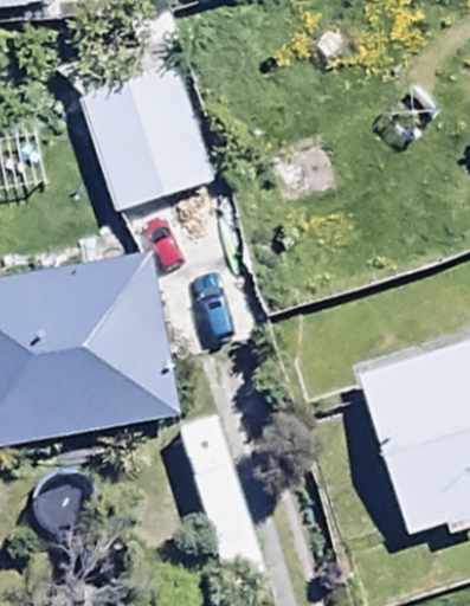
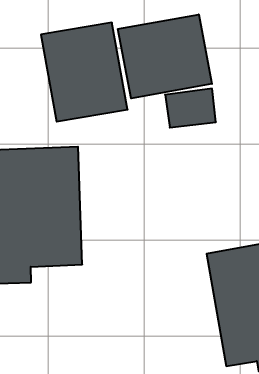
building: none -> [118,14,212,98]

